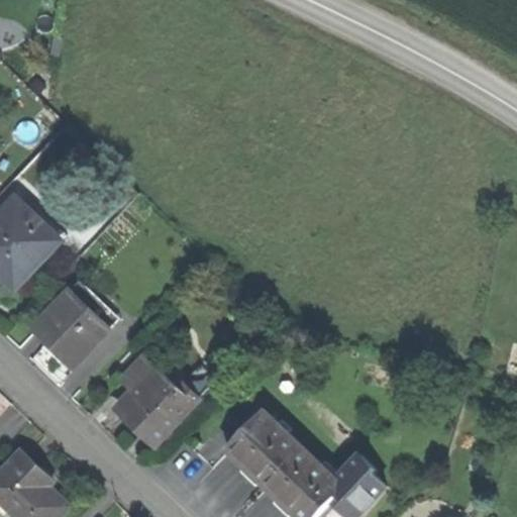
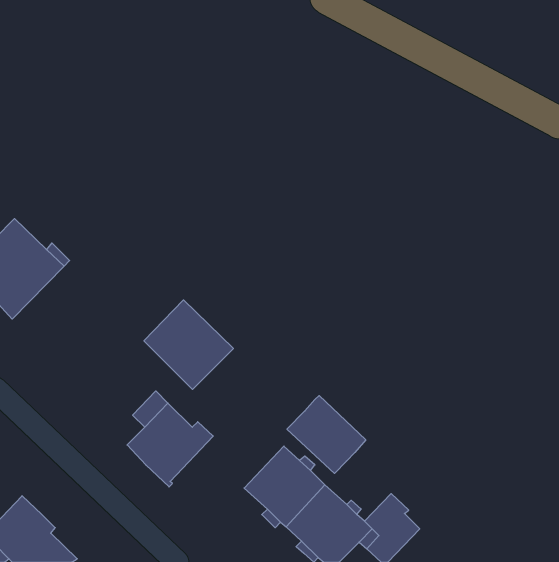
building: [30,290,112,372] -> [144,300,233,389]
building: none -> [287,396,366,473]

